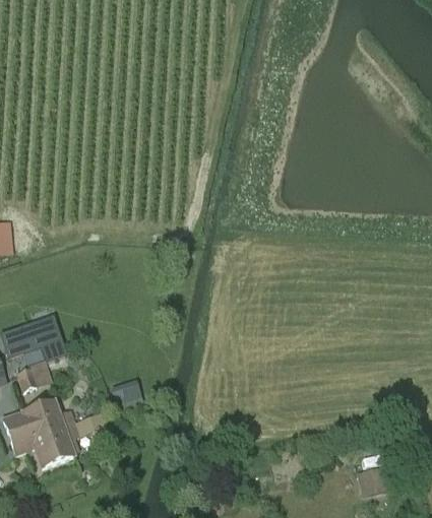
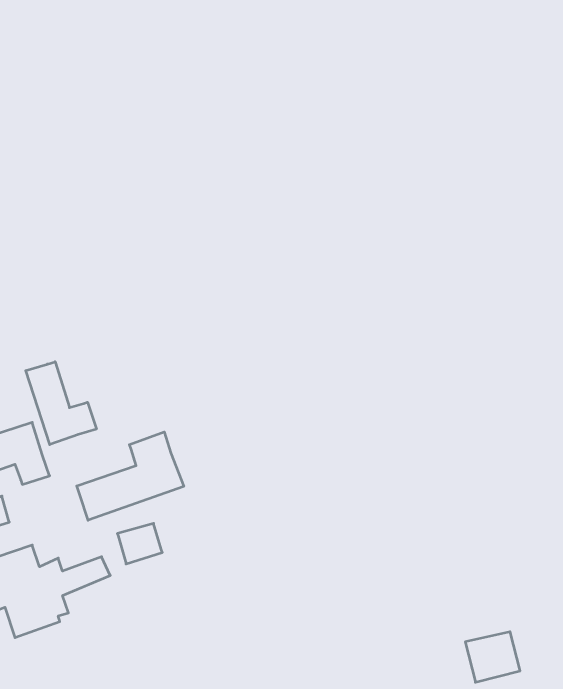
building: none -> [26,362,96,445]
building: none -> [77,432,184,520]

